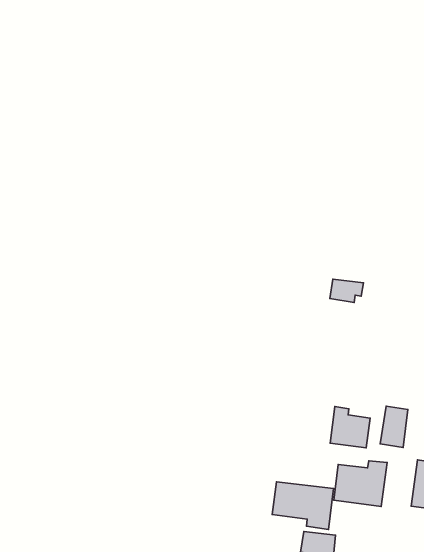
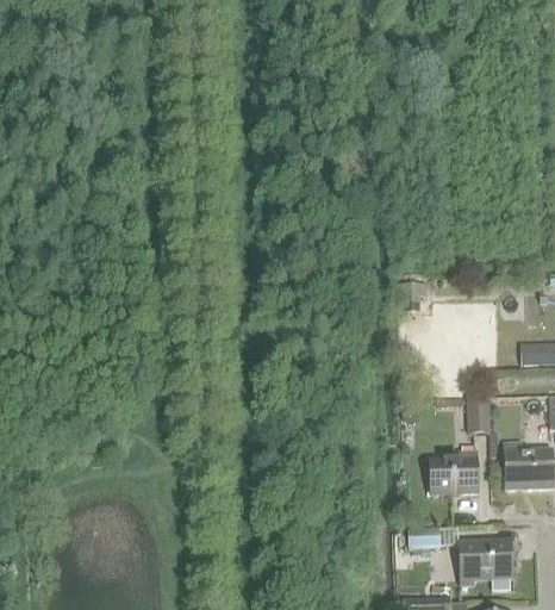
building: [330,406,370,448] -> none
building: [272,482,333,529] -> none

